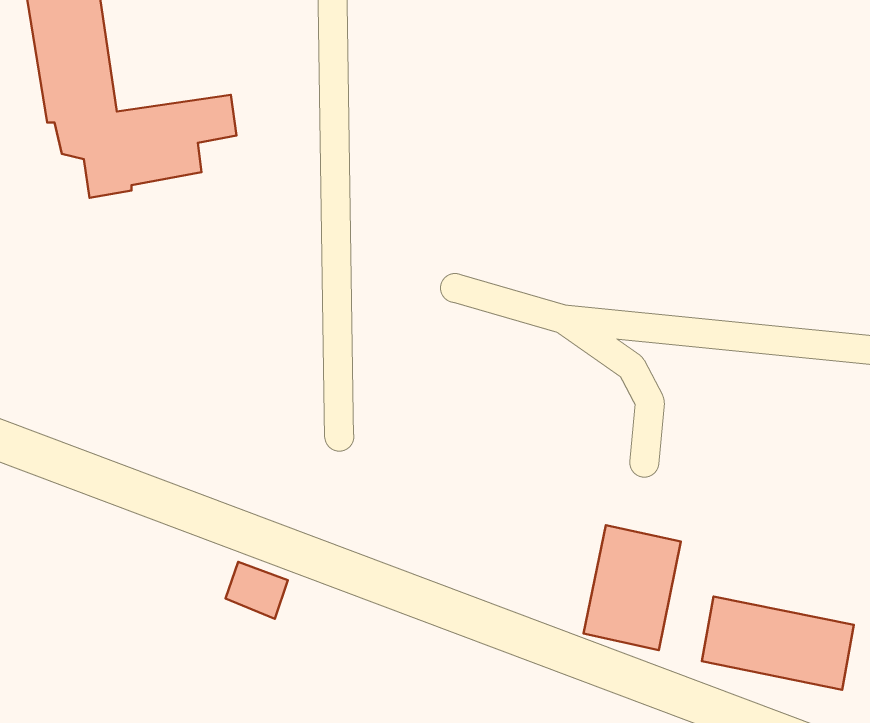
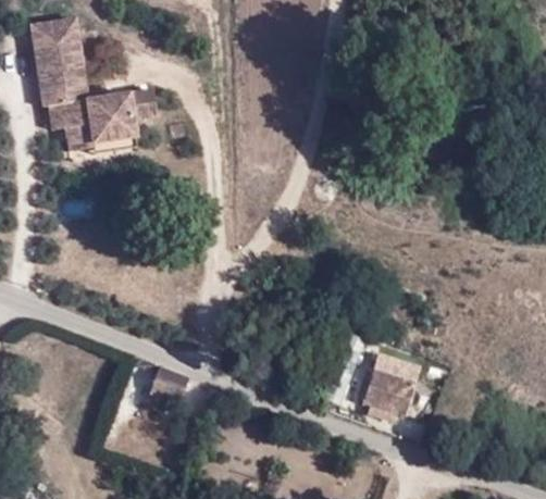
building: [702,596,854,690] -> none

